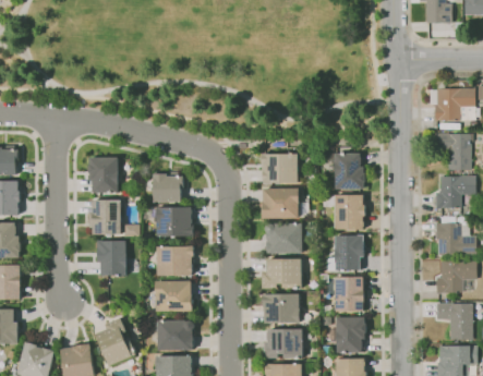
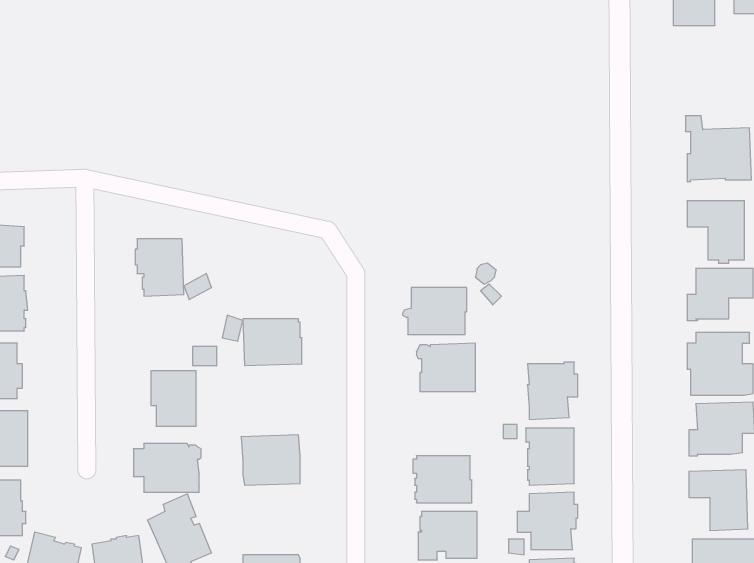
building: [262,153,298,183] -> none
building: [326,153,365,189] -> none
building: [153,173,183,202] -> none
building: [323,194,365,229] -> none
building: [89,199,123,234] -> none
building: [157,245,194,276] -> none
building: [262,258,302,289] -> none
building: [152,319,194,350] -> [133,444,201,492]

